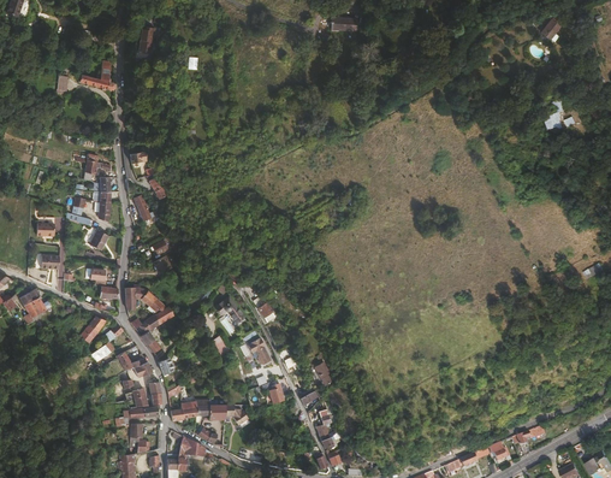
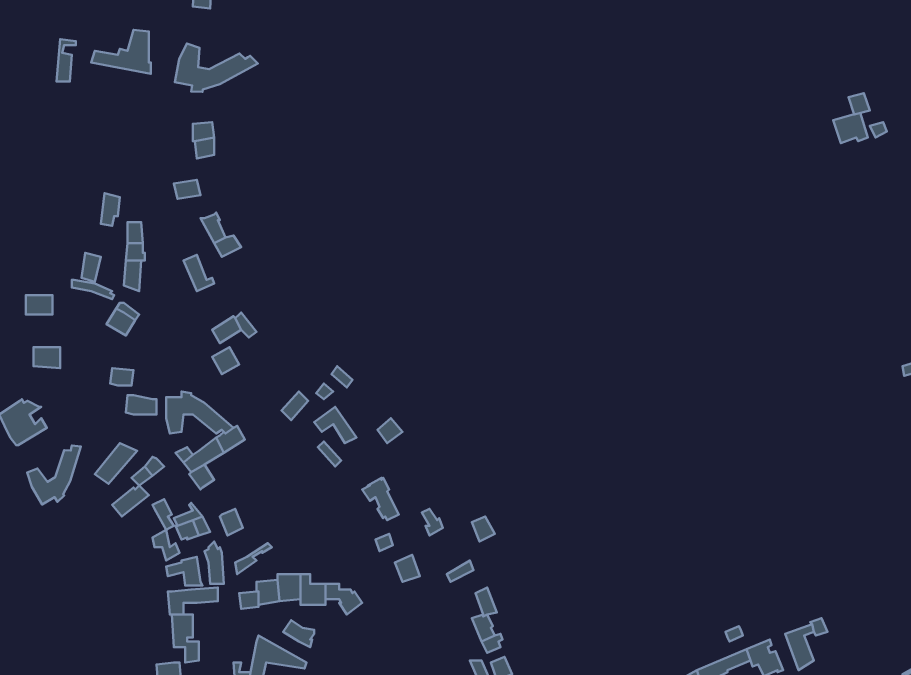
building: none -> [175,43,258,92]
building: none -> [27,446,81,504]

